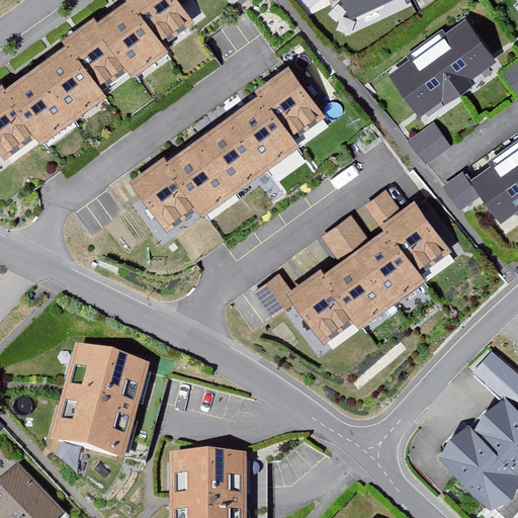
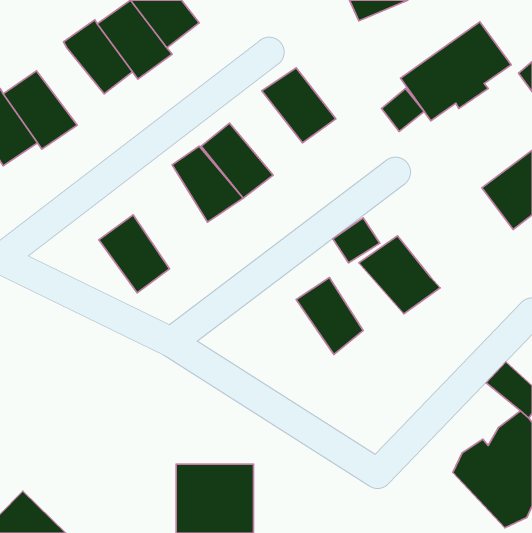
building: [35,47,105,121] -> none
building: [223,95,298,171] -> none
building: [409,119,450,161] -> [381,89,424,131]
building: [128,156,197,232] -> [99,215,170,293]
building: [383,198,451,269] -> none
building: [322,255,392,328] -> none
building: [51,348,149,464] -> none

